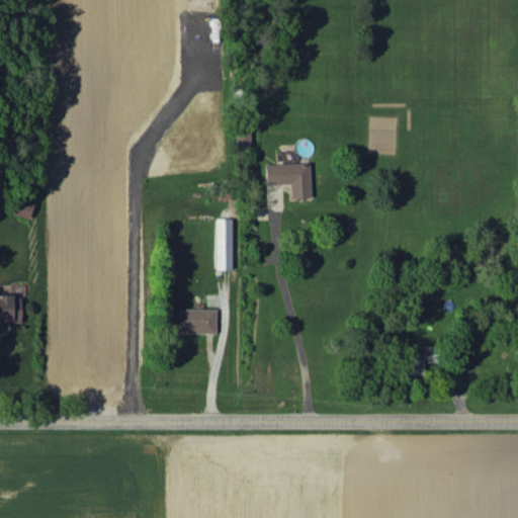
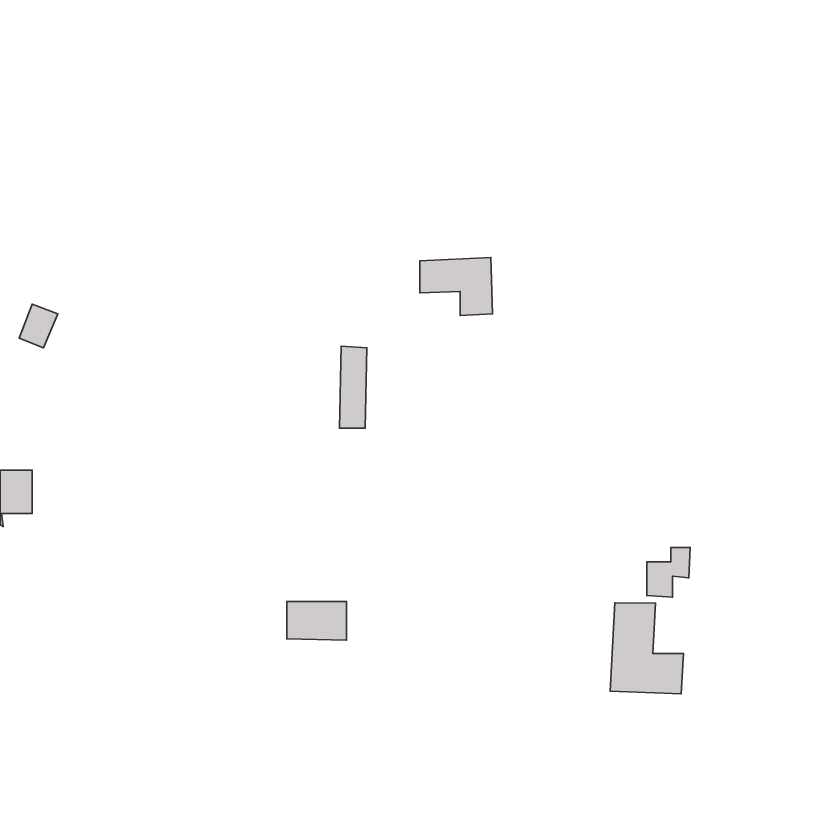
building: [179,310,217,334] -> [287,602,346,640]
building: none -> [610,603,683,694]

